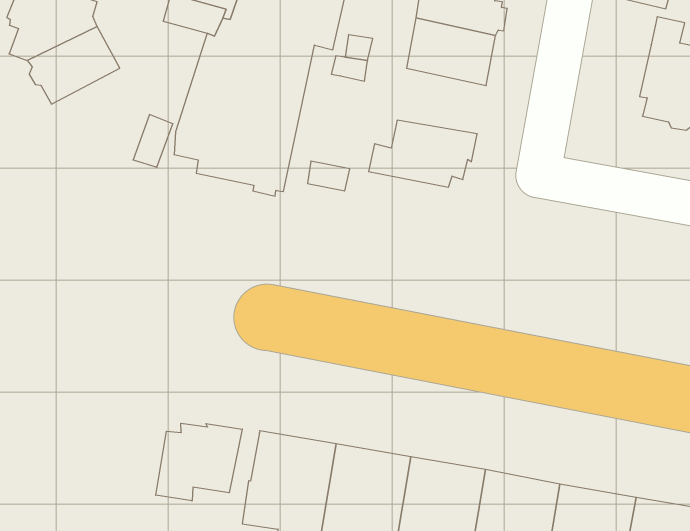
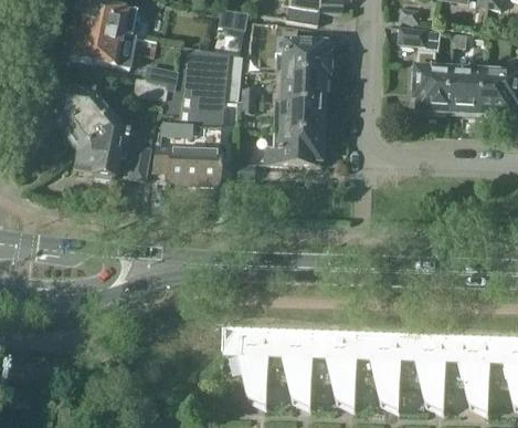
building: none -> [77,124,128,179]
building: none -> [279,102,328,134]
building: [156,423,242,501] -> none

